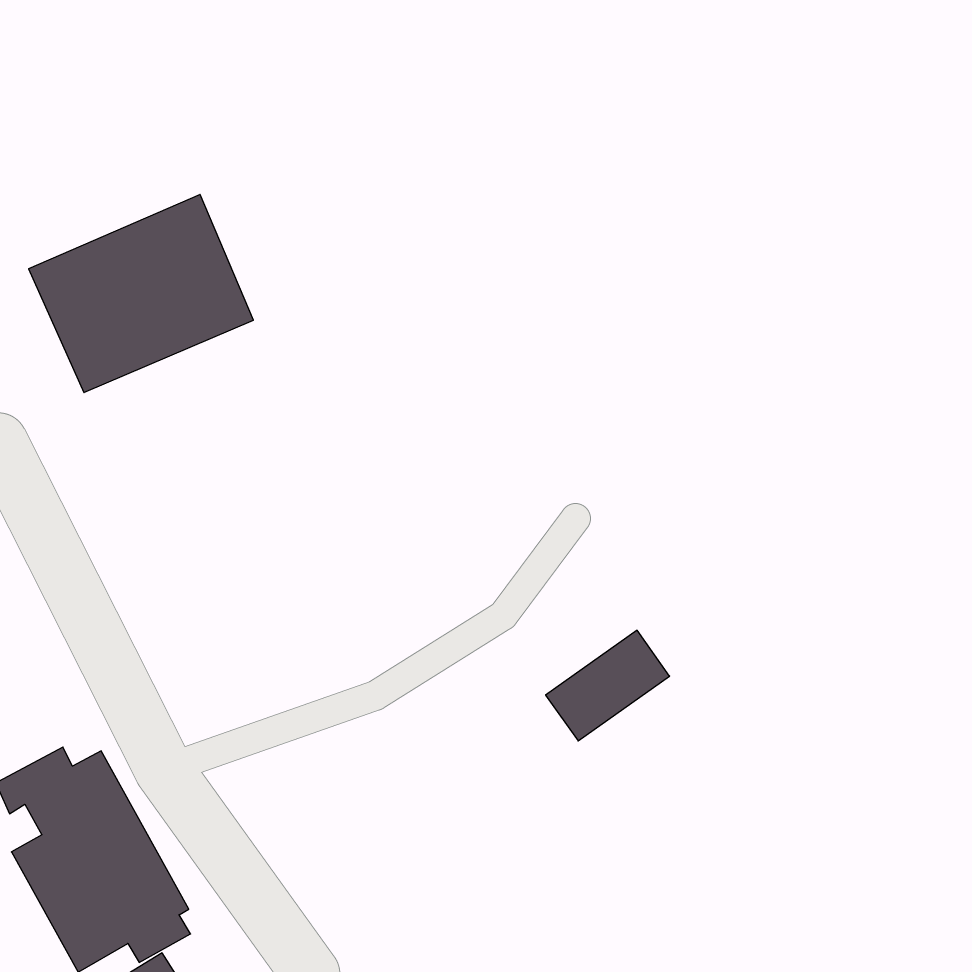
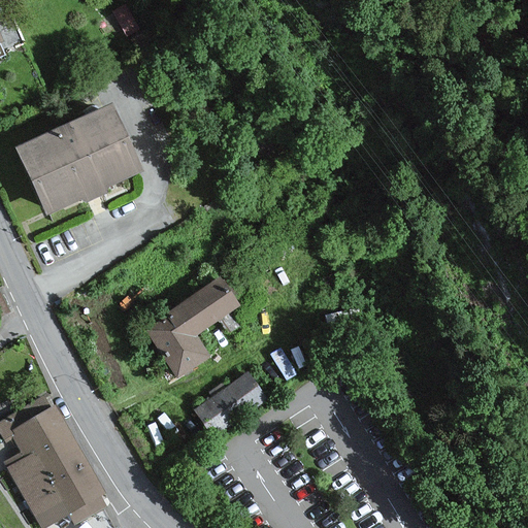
building: none -> [147,278,239,374]
building: [546,630,670,741] -> [197,374,264,434]

